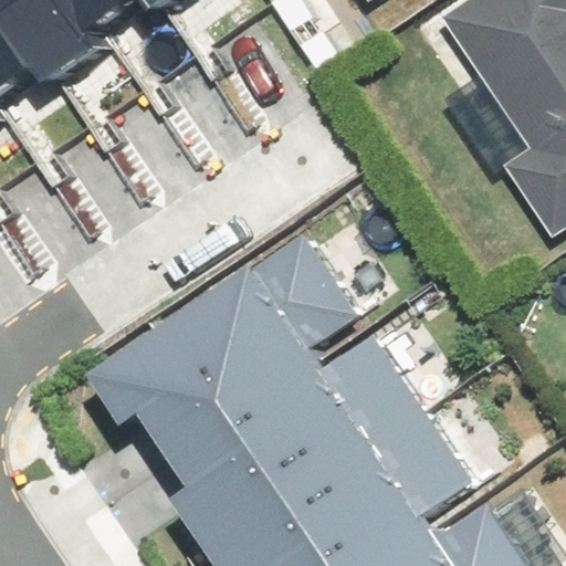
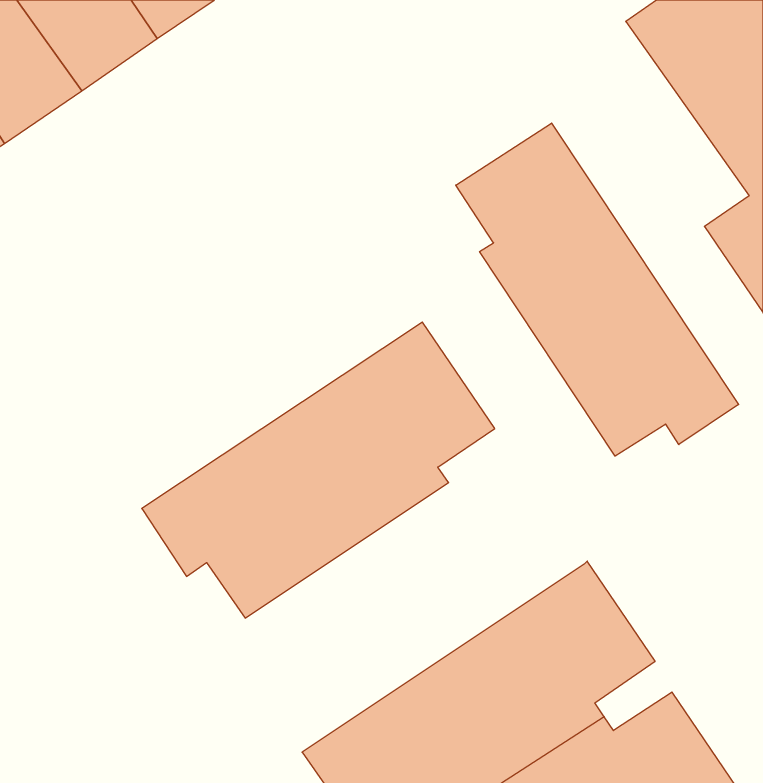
building: none -> [456,123,739,456]
building: [176,335,419,543] -> none

